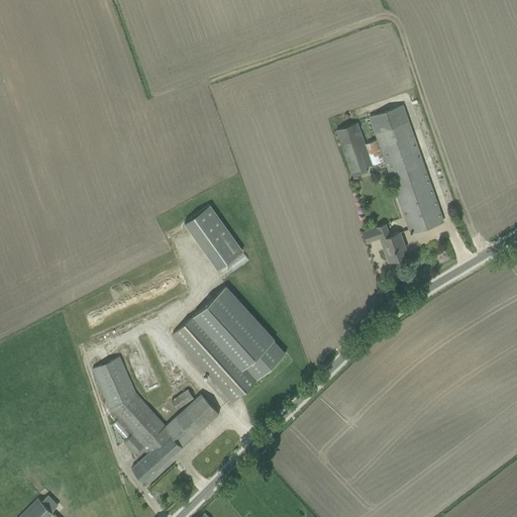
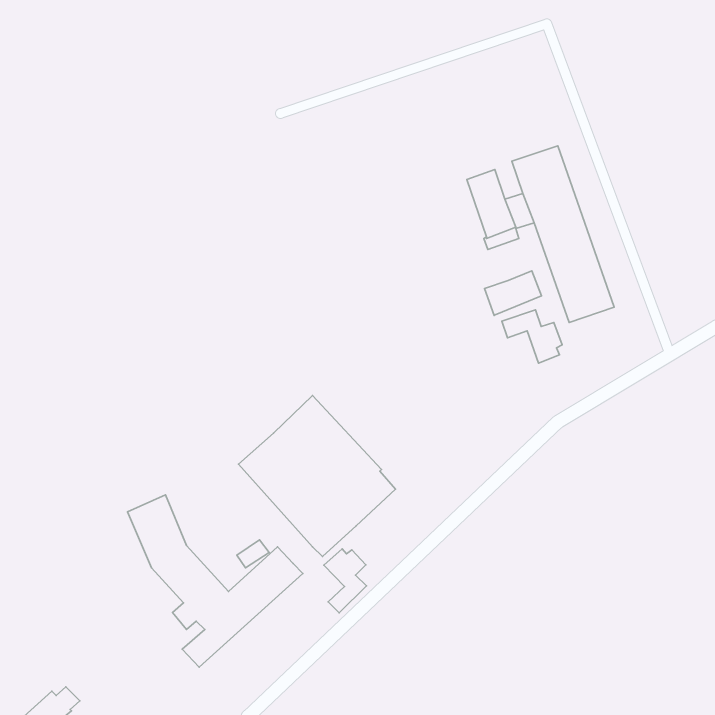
building: none -> [484,271,542,315]
building: [185,206,242,270] -> none
building: none -> [324,549,367,613]

